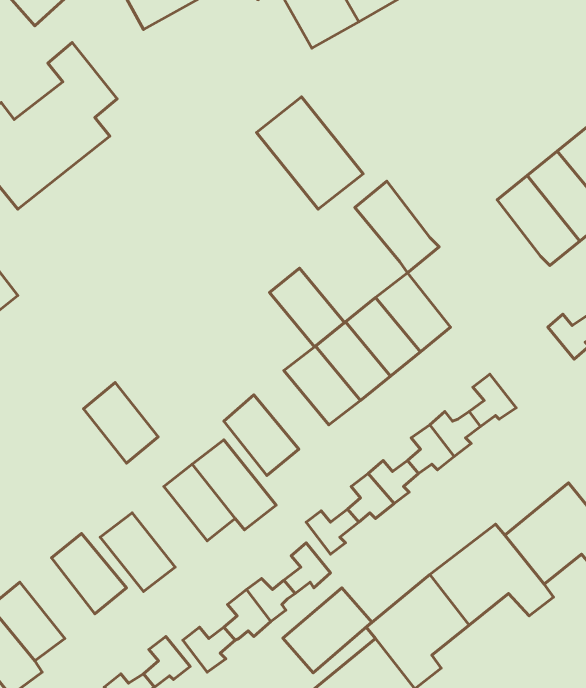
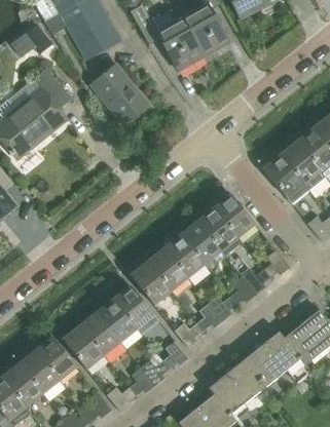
building: [256,97,363,209] -> [90,65,149,126]
building: [355,181,439,273] -> [262,154,308,204]
building: [270,268,345,347] -> [146,247,187,290]
building: [83,383,158,463] -> [79,311,120,355]
building: none -> [17,350,59,394]
building: [283,588,372,673] -> none

